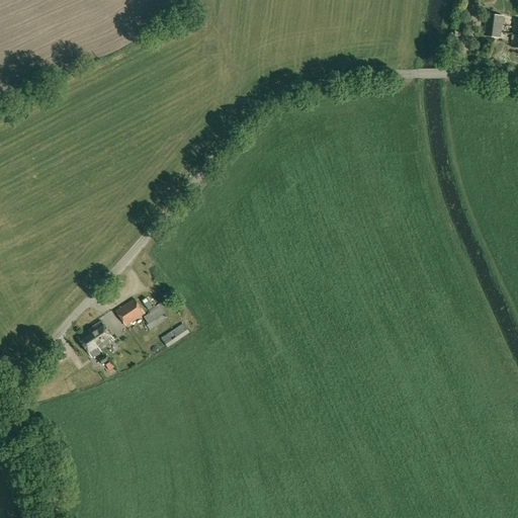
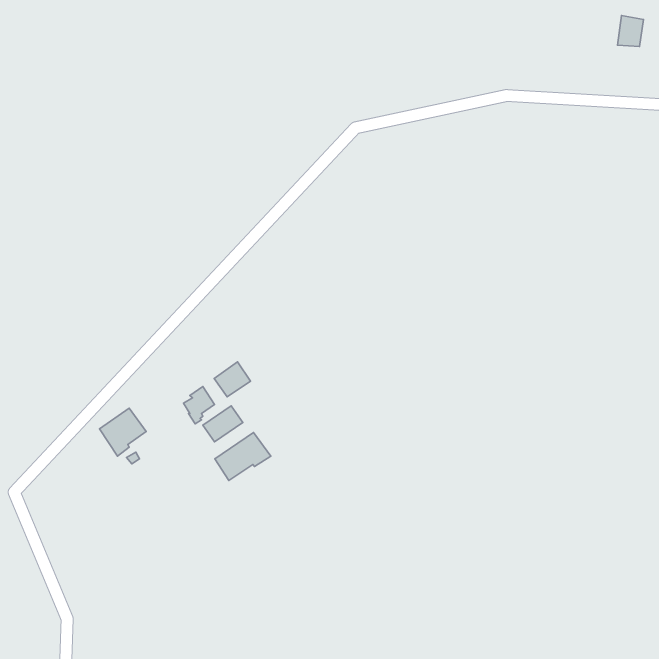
building: [117,297,146,325] -> [214,362,251,397]
building: none -> [215,432,271,481]

